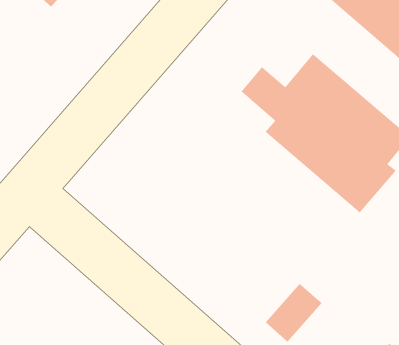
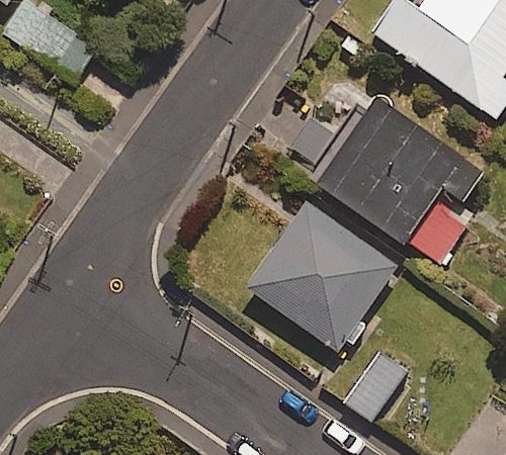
building: none -> [249,205,397,350]

